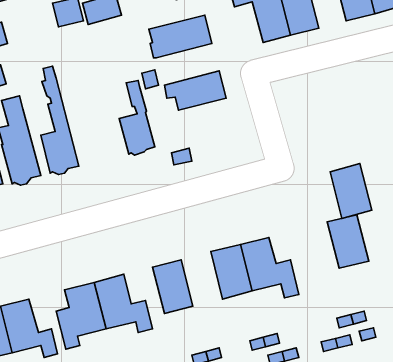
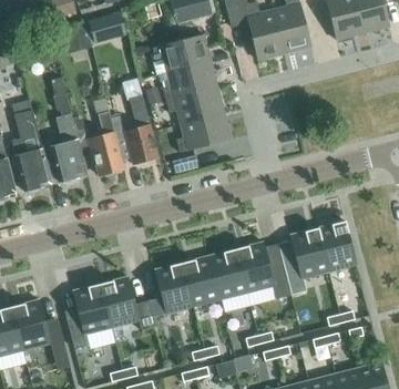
building: none -> [157,61,216,100]
building: none -> [85,111,123,175]
building: none -> [175,112,229,152]
building: [330,164,372,218] -> [289,227,328,278]
building: none -> [181,255,219,306]

